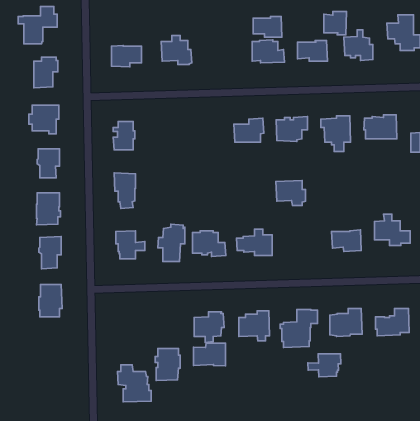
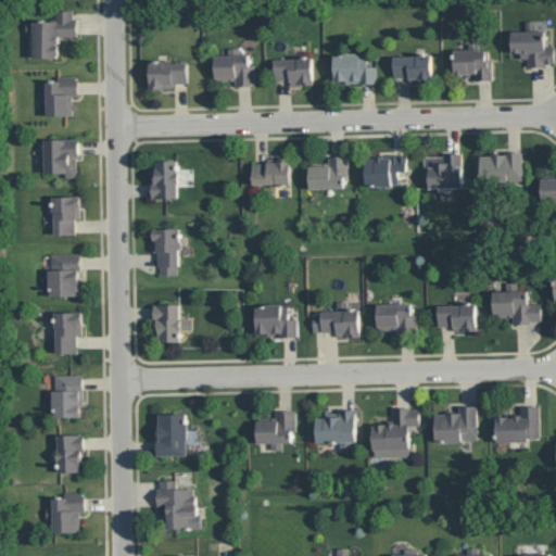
building: [324,11,346,35] -> none
building: [253,17,282,37] -> [273,59,311,86]
building: none -> [250,159,289,188]
building: [276,181,306,205] -> [375,304,414,337]
building: [158,224,185,261] -> none
building: none -> [54,435,83,473]
building: [193,343,226,366] -> none
building: [155,348,180,381] -> [153,415,186,457]
building: [308,354,341,377] -> none
building: none -> [43,494,83,534]

